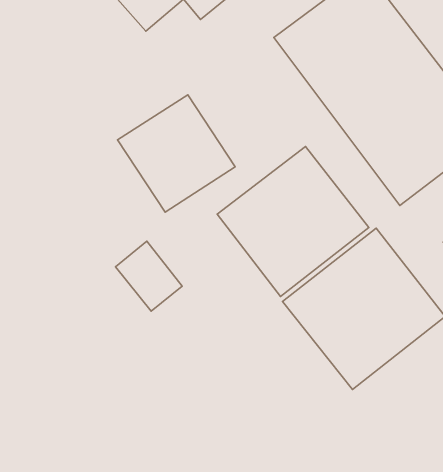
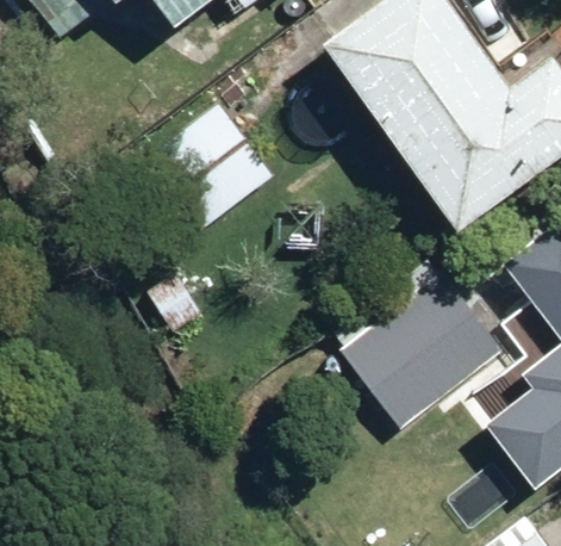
building: [217,146,369,296] -> none

